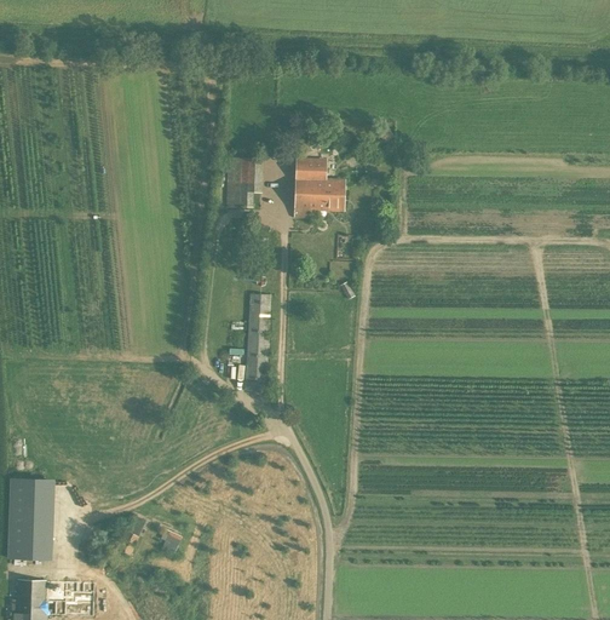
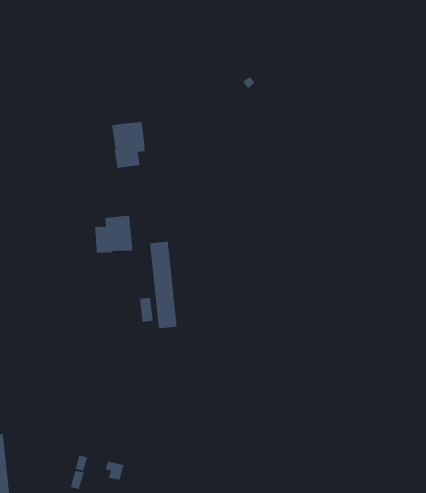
building: [294,162,343,209] -> none
building: none -> [94,215,133,254]

